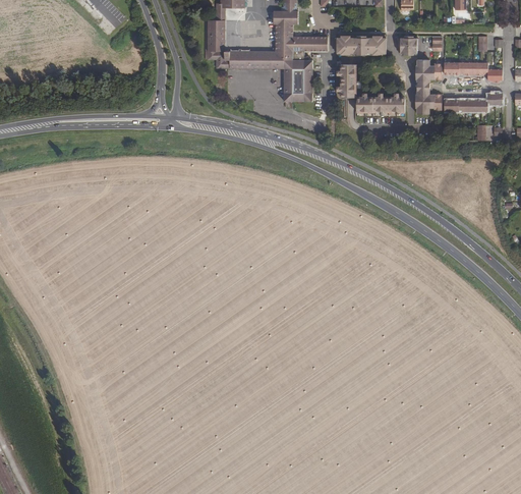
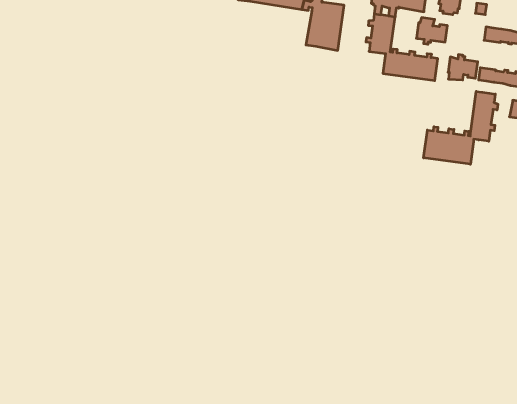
building: [415,59,442,83] -> [416,18,447,44]
building: none -> [424,91,498,164]

